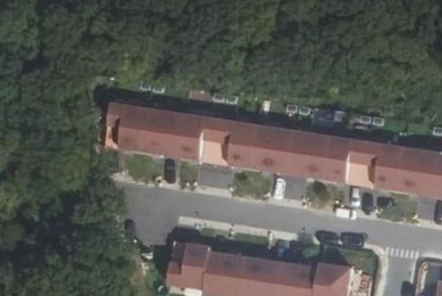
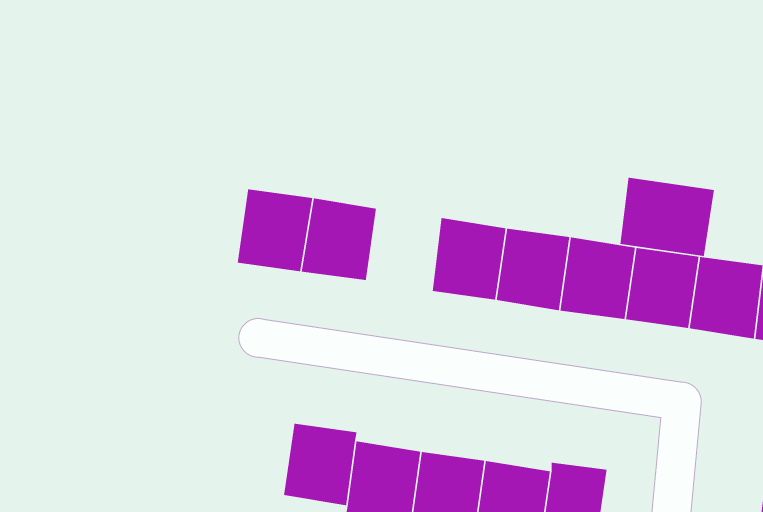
building: none -> [619,177,715,257]
building: [106,104,148,152] -> none
building: [215,121,257,168] -> none

